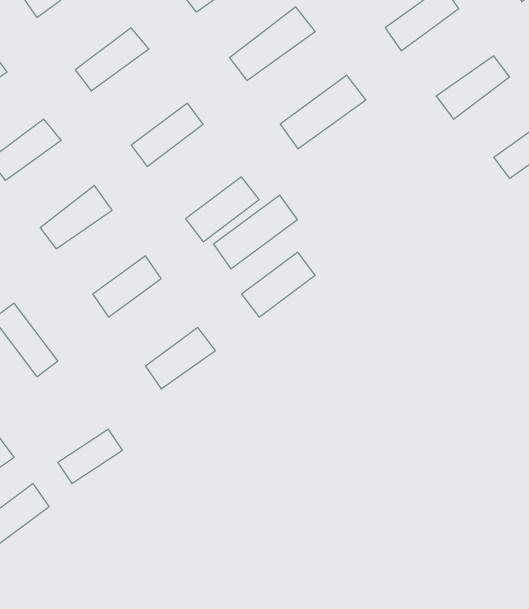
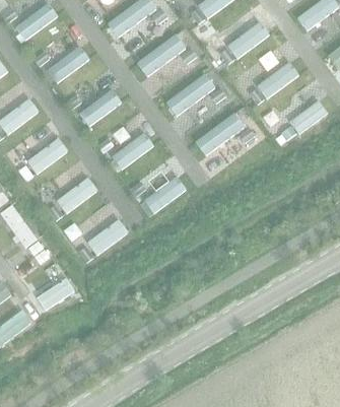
building: [213,195,297,269] -> [195,113,244,155]

